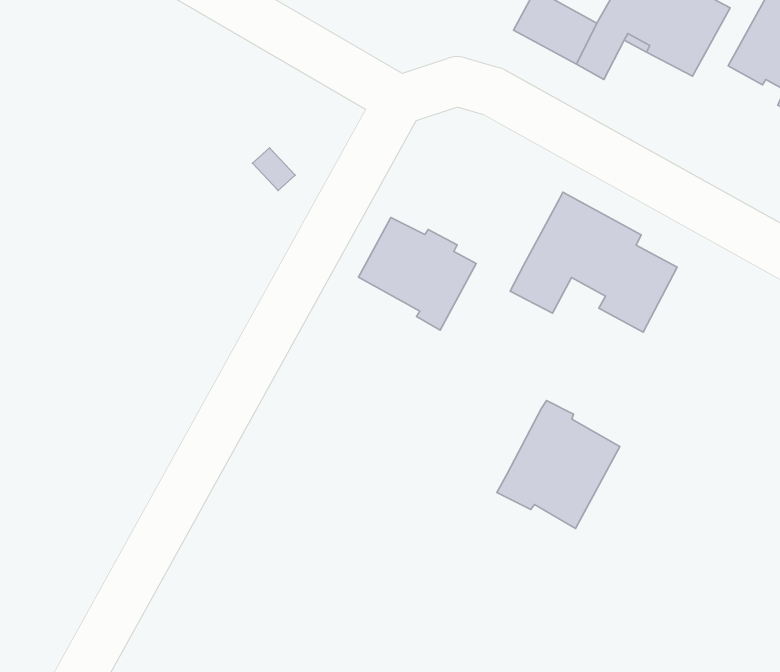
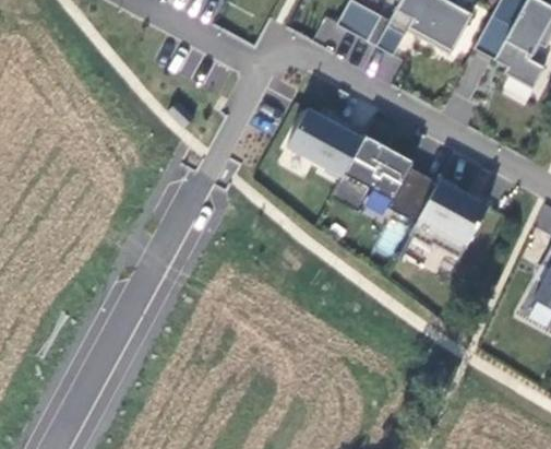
building: [358,217,476,330] -> [289,104,364,176]
building: [497,400,620,528] -> [411,172,490,253]

